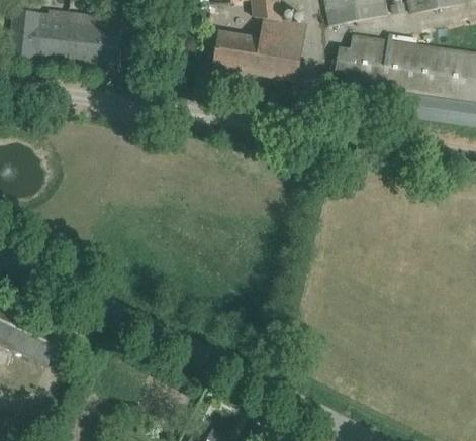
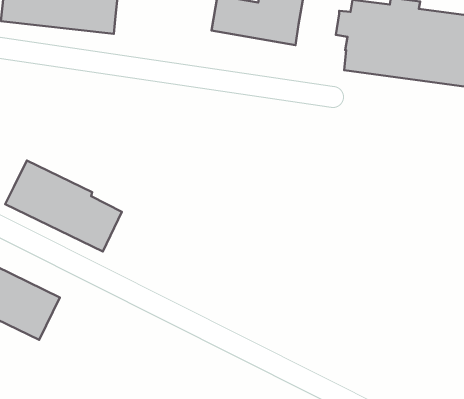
building: none -> [5,161,122,251]

